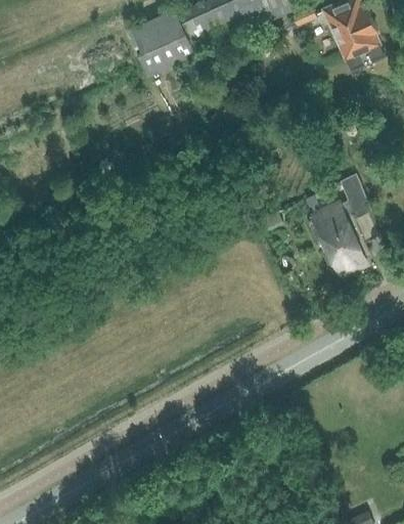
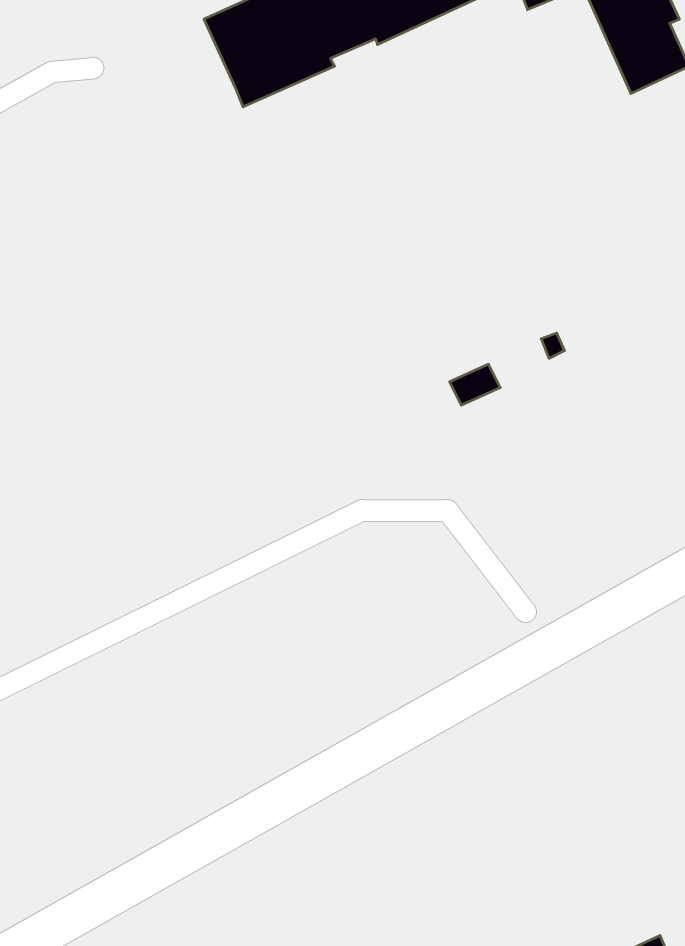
building: [309,172,369,270] -> none

